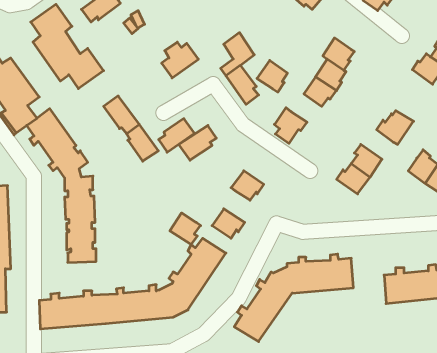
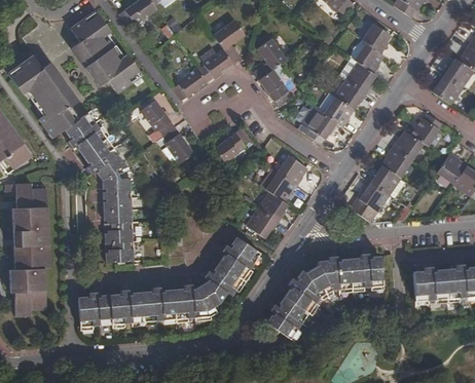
building: none -> [212,18,244,63]
building: none -> [362,23,392,53]
building: [257,60,287,92] -> [323,97,353,127]
building: none -> [431,73,461,104]
building: [159,119,194,152] -> [172,67,207,100]
building: none -> [391,130,423,160]
building: none -> [277,154,306,185]
building: none -> [351,180,388,222]
building: [170,213,201,245] -> [257,191,287,222]

